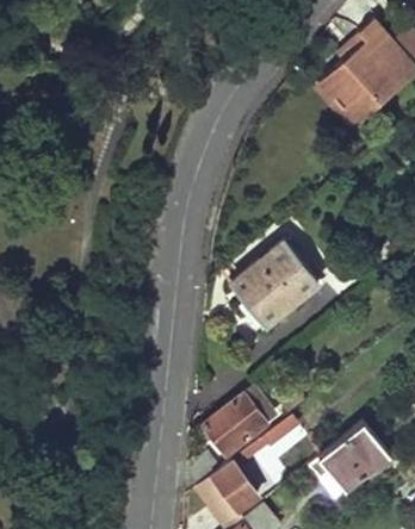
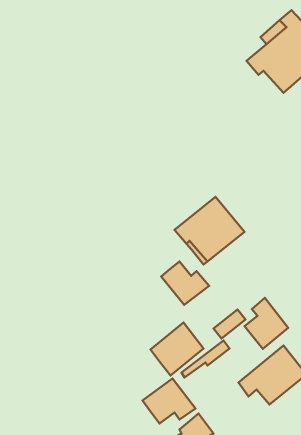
building: none -> [161,262,209,305]
building: none -> [245,298,288,349]

